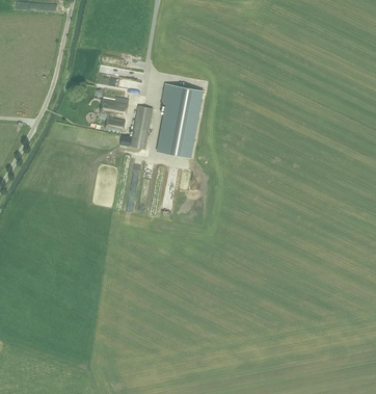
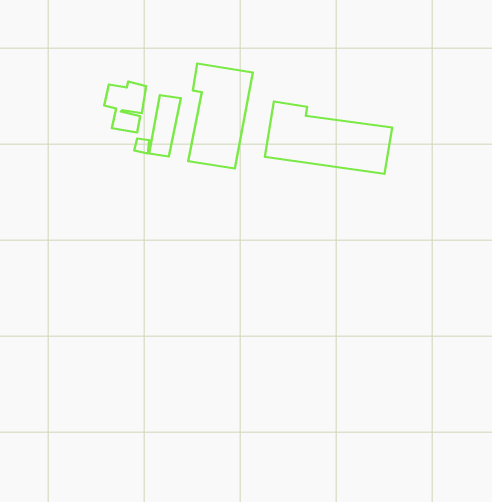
building: none -> [265,102,392,174]

